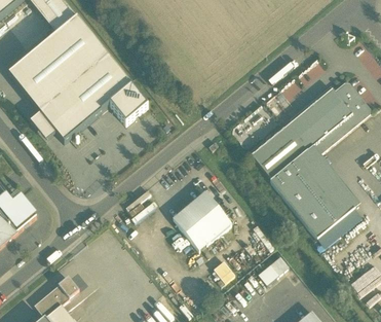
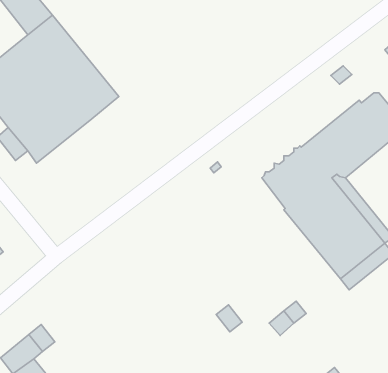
building: [110,85,148,123] -> none
building: [173,191,231,250] -> none

